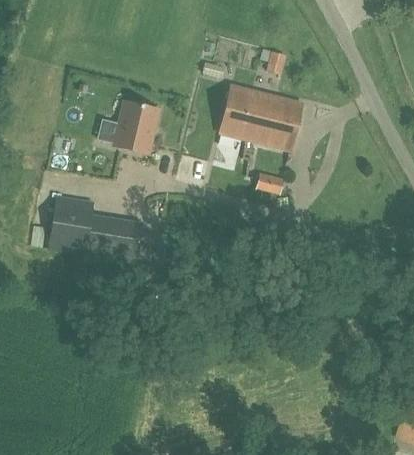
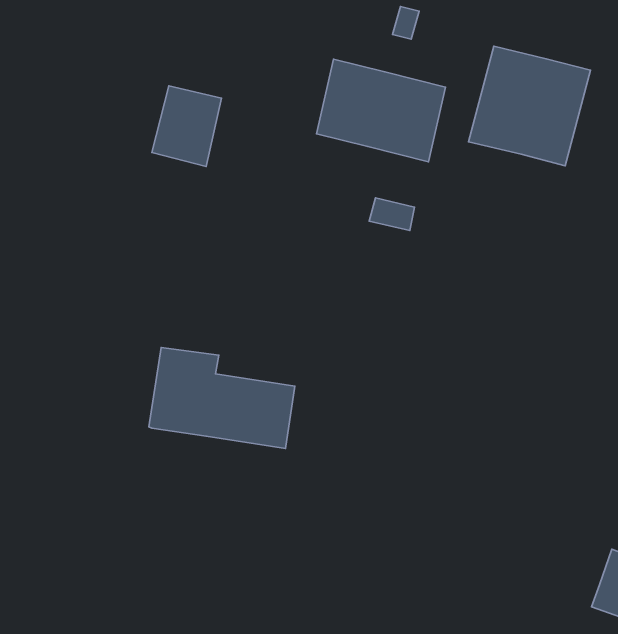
building: none -> [469,46,590,166]
building: [48,196,142,261] -> [149,347,295,448]

